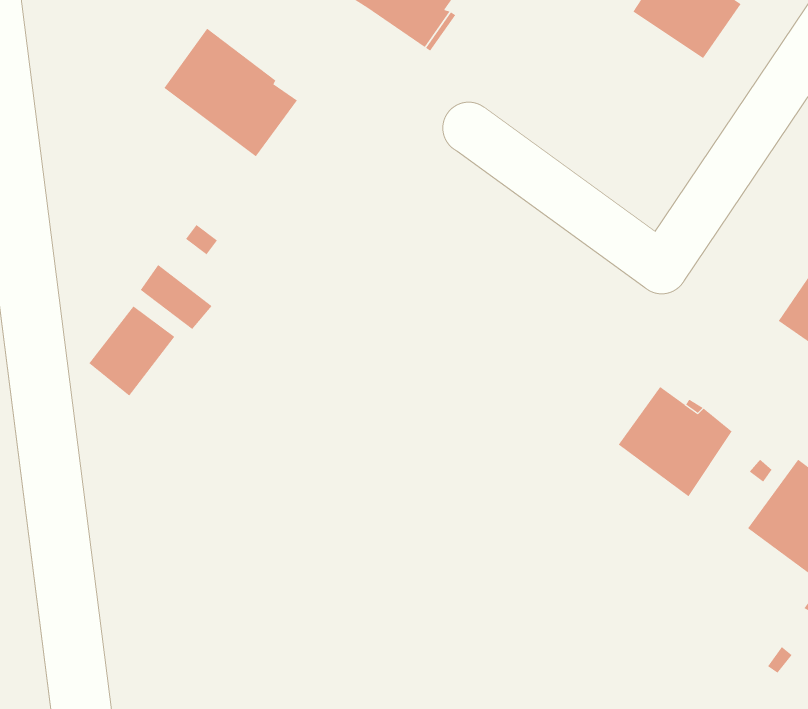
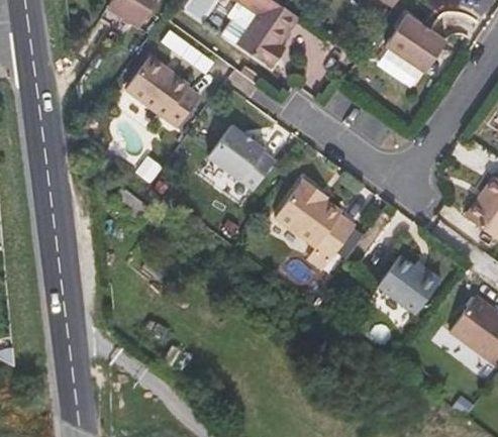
building: none -> [208,125,274,190]
building: none -> [274,181,354,269]
building: [88,306,175,396] -> none

